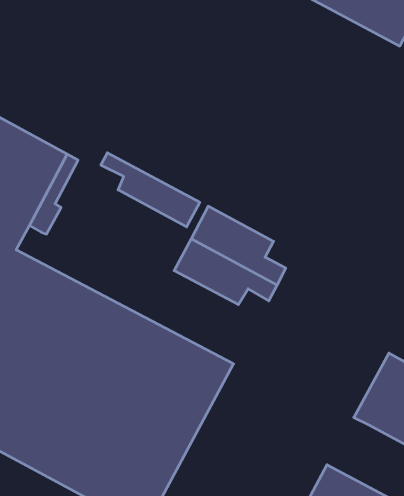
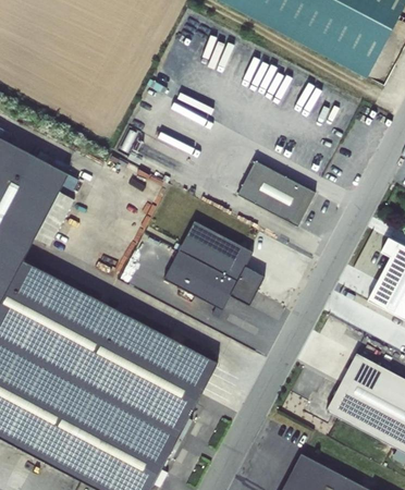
building: none -> [236,160,315,225]
building: [101,153,200,227] -> none

